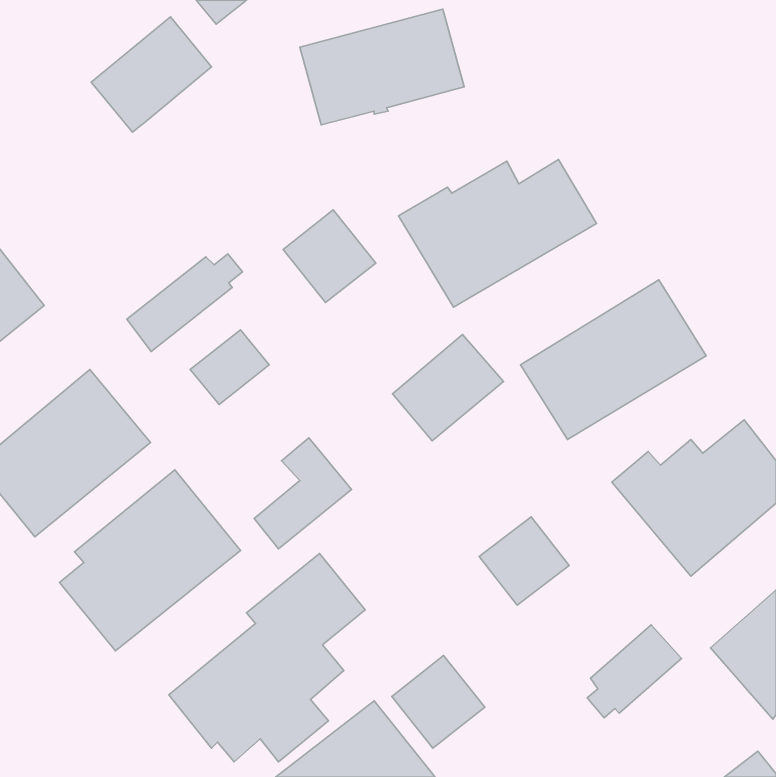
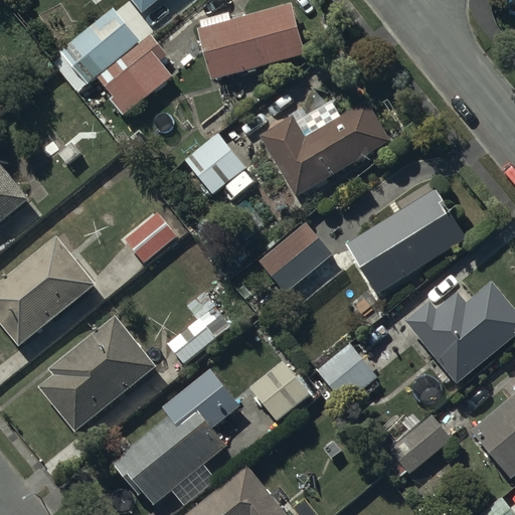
building: none -> [98,36,173,120]
building: [127,254,243,351] -> none
building: [392,655,485,748] -> [250,357,312,418]

